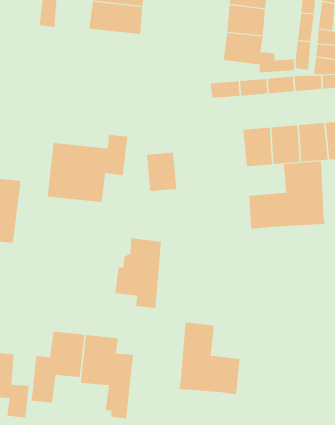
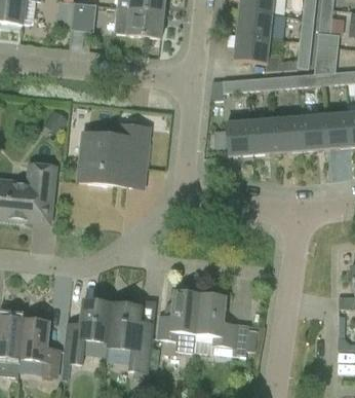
building: [146,152,177,192] -> [226,120,253,155]
building: [249,161,325,229] -> none
building: [114,238,162,309] -> [157,288,199,351]

